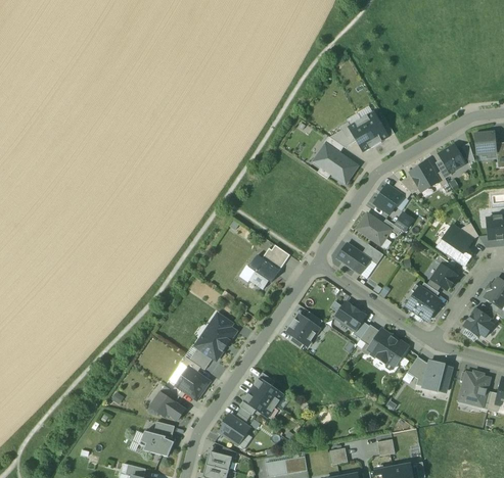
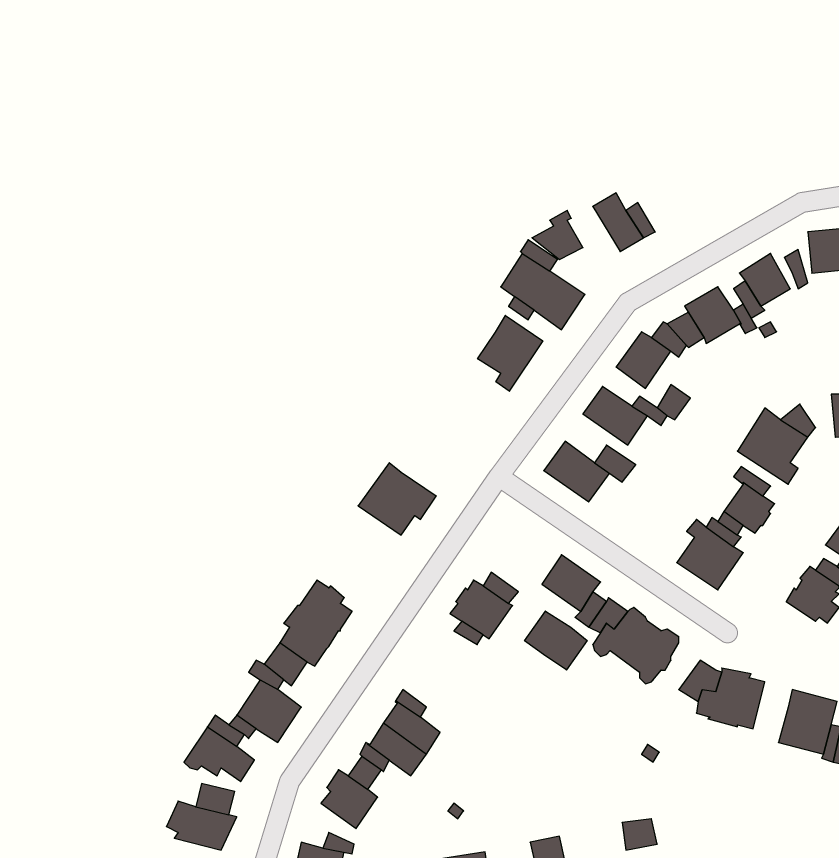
building: [348,119,375,151] -> none
building: none -> [478,315,543,391]
building: [261,245,289,271] -> none
building: none -> [525,611,587,670]

